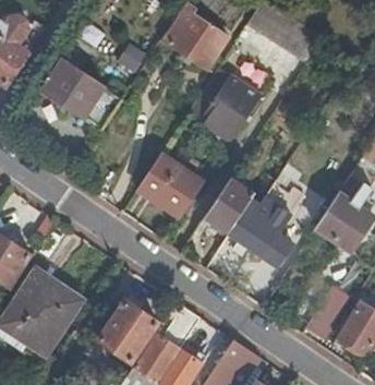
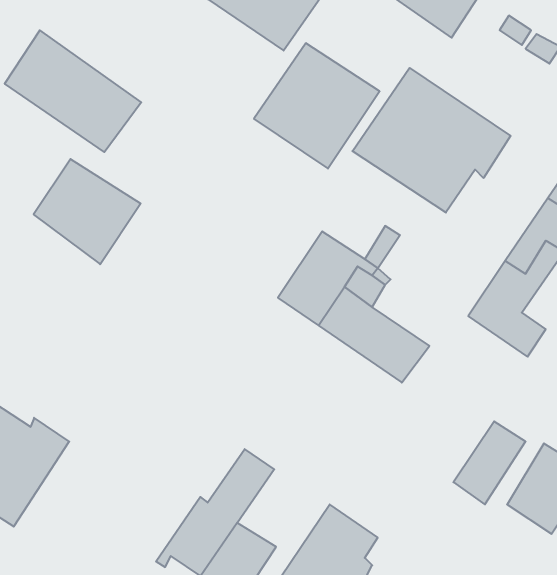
building: none -> [352,68,511,213]
building: [138,155,202,217] -> [34,159,141,264]
building: [99,302,160,366] -> none

